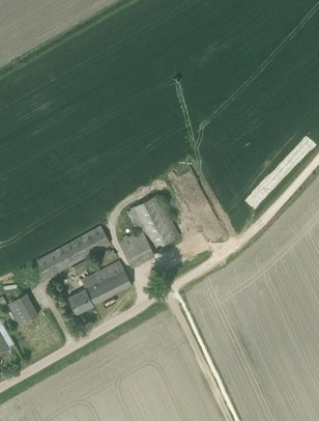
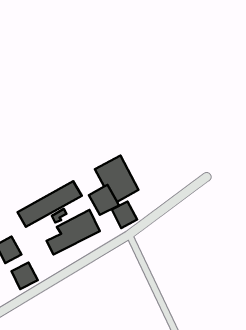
building: none -> [112,201,137,228]
building: none -> [12,263,38,289]

